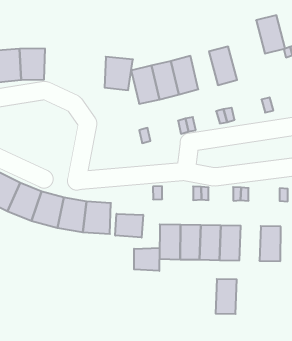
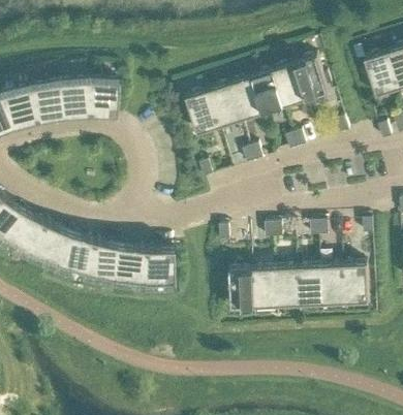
building: [256,15,285,54] -> [294,55,330,99]
building: none -> [252,69,285,113]
building: [105,57,133,90] -> [87,77,118,114]
building: [115,214,143,238] -> none
building: [134,248,159,271] -> none
building: [216,279,237,314] -> [321,263,345,304]

